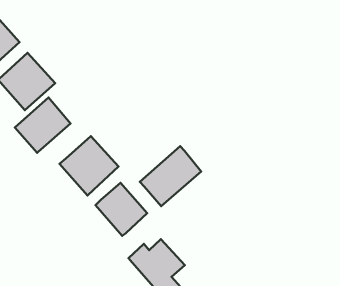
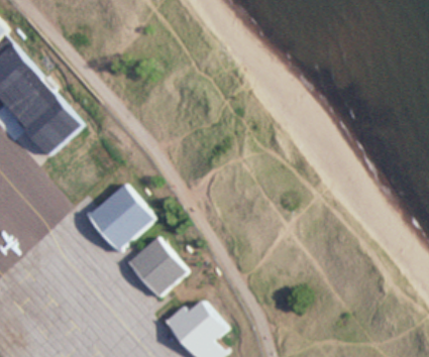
building: [15,97,71,153] -> none
building: [140,146,201,206] -> none

